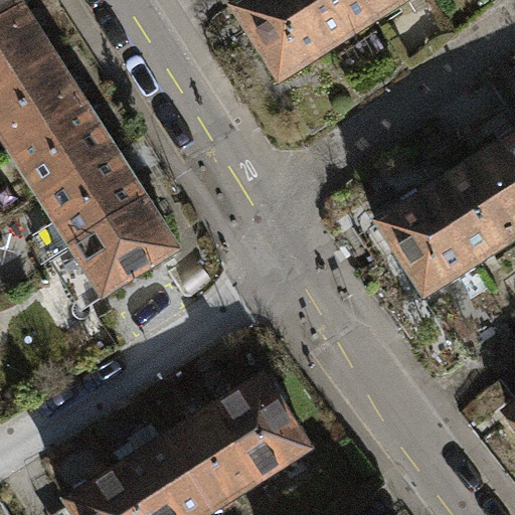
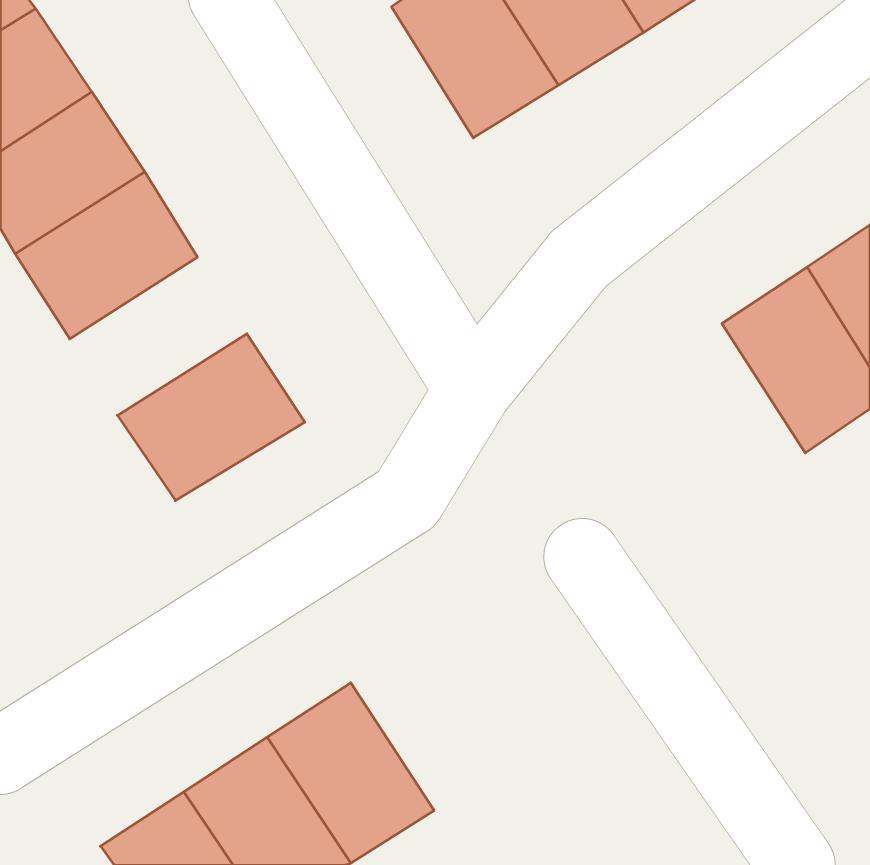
building: [41,152,146,245] -> none
building: [375,191,476,300] -> none
building: [207,371,306,479] -> none

